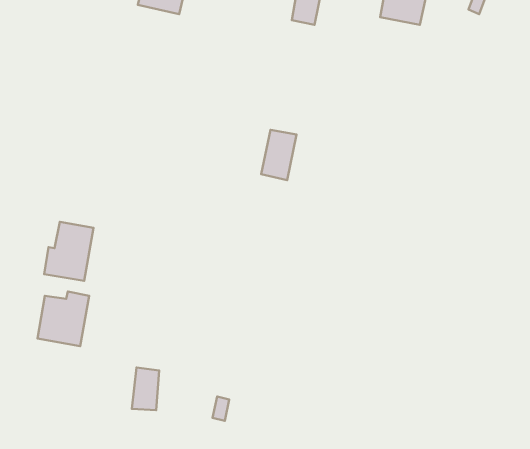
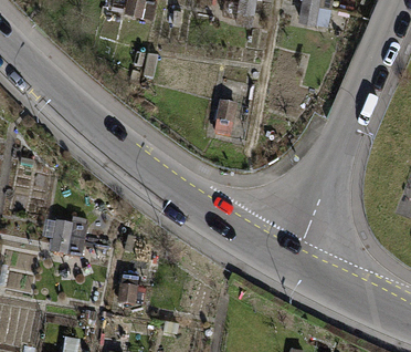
building: [44,222,94,281] -> none

